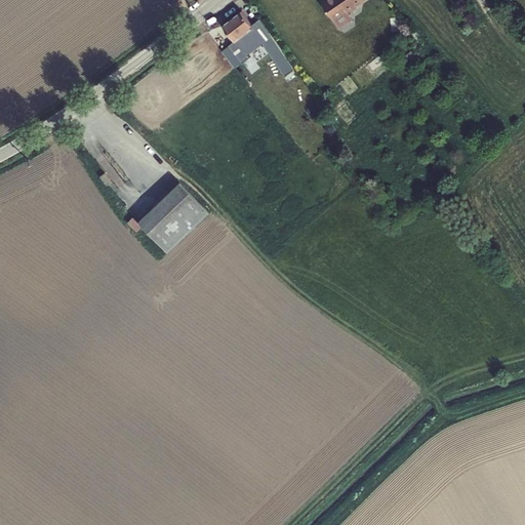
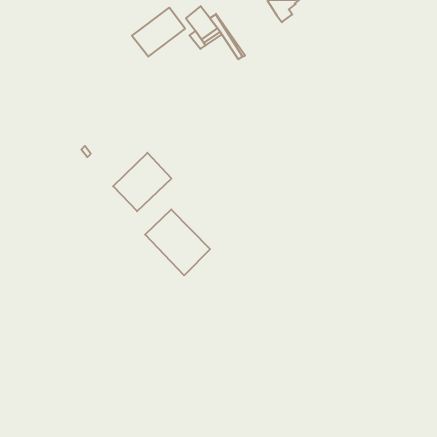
building: none -> [132,8,185,57]
building: none -> [145,209,210,275]

